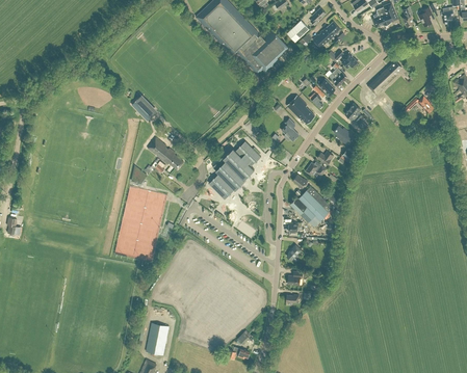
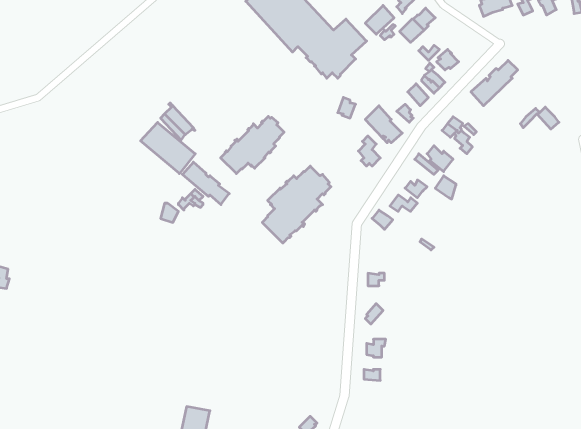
building: none -> [221,116,284,174]
building: none -> [141,122,195,174]
building: [290,186,333,228] -> none

